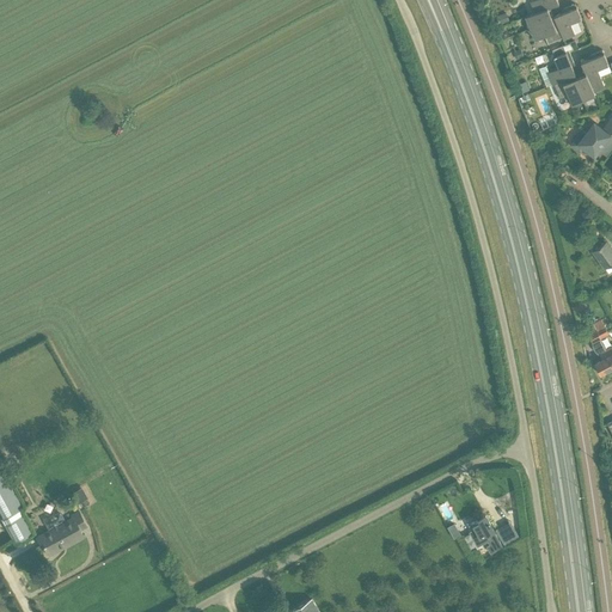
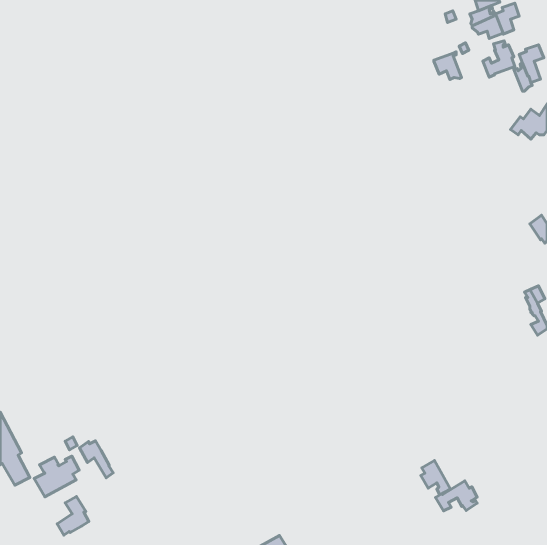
building: [552,75,583,106] -> [434,52,462,80]
building: none -> [79,441,113,478]
building: none -> [436,481,477,511]
building: none -> [57,496,89,535]

